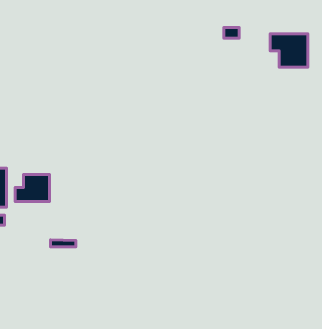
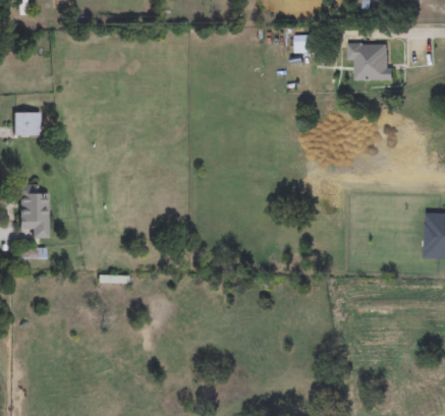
building: [15,174,49,202] -> none

